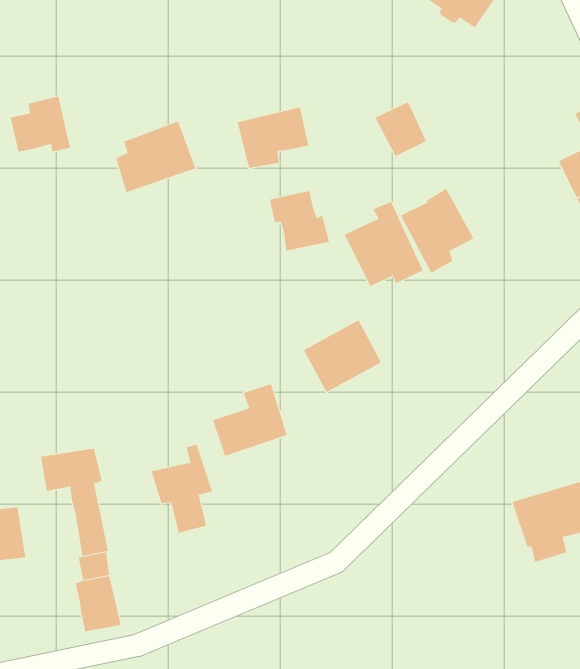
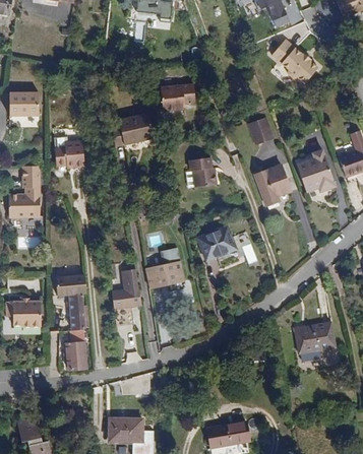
building: [10,96,71,152] -> [54,139,83,168]
building: [237,107,309,168] -> [160,82,195,111]
building: [344,201,424,287] -> [296,149,335,192]

